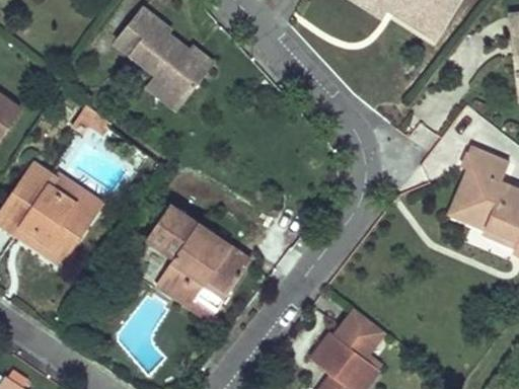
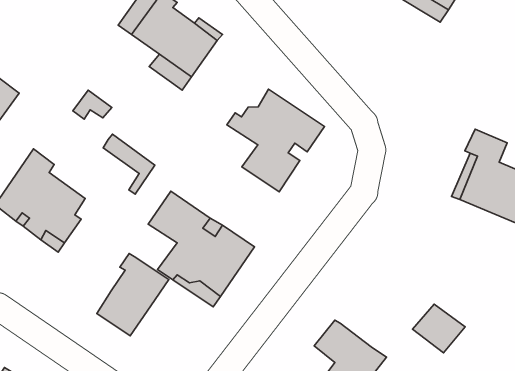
building: none -> [227,89,324,192]
building: [49,174,99,233] -> [103,134,155,194]
building: none -> [97,253,169,336]
building: [335,311,386,359] -> [412,304,465,353]

